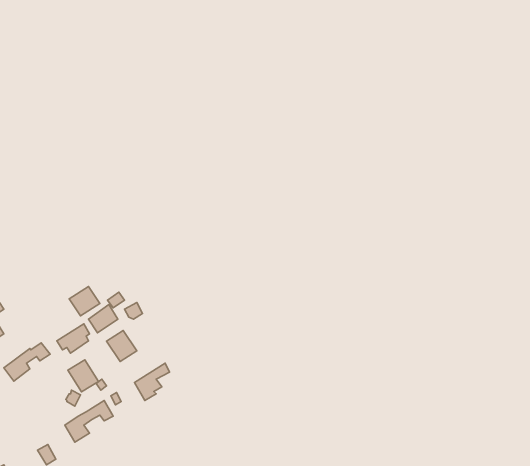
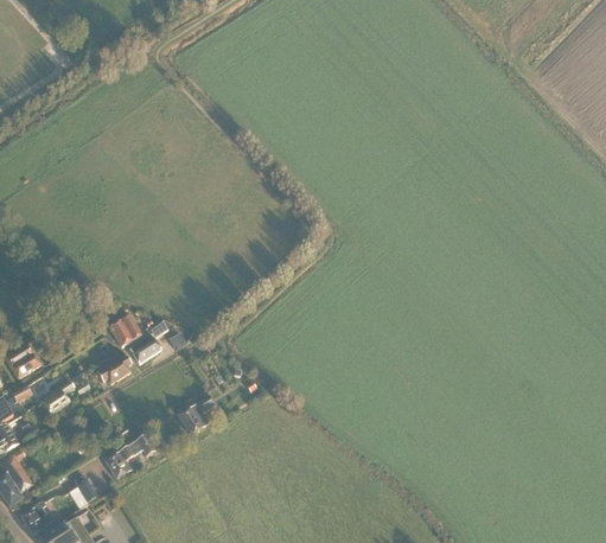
building: [107,330,137,362] -> none
building: [68,360,99,392] -> none

